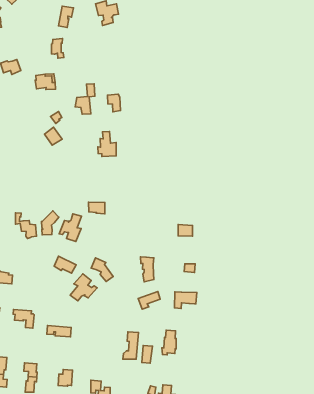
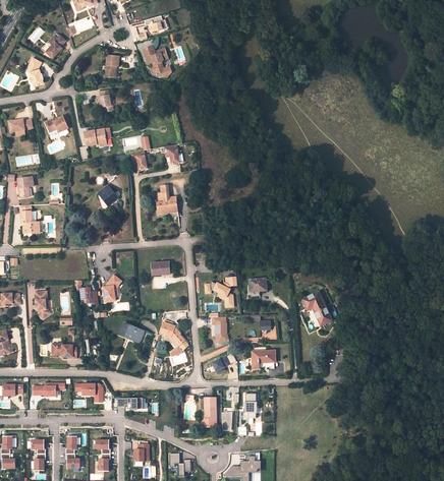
building: [59,214,81,242] -> none
building: none -> [204,277,236,306]
building: none -> [301,292,331,323]
building: [70,274,97,301] -> none

